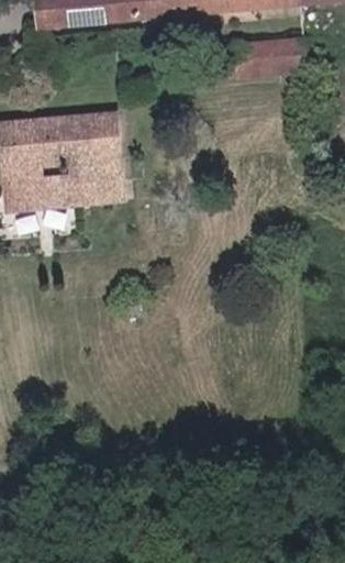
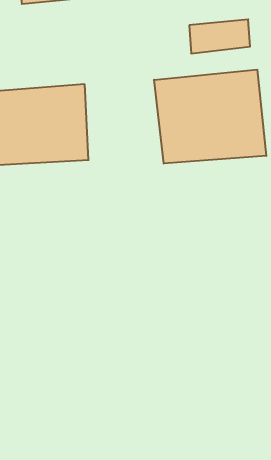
building: none -> [154,70,266,164]

